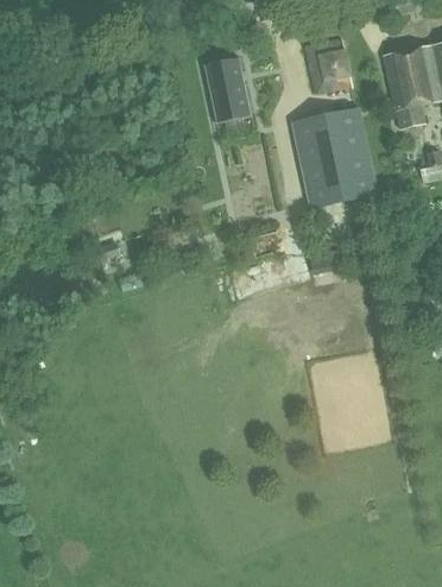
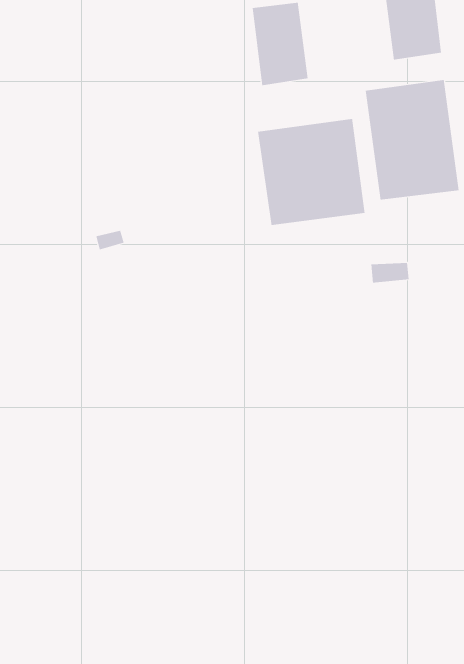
building: none -> [258,118,365,226]

